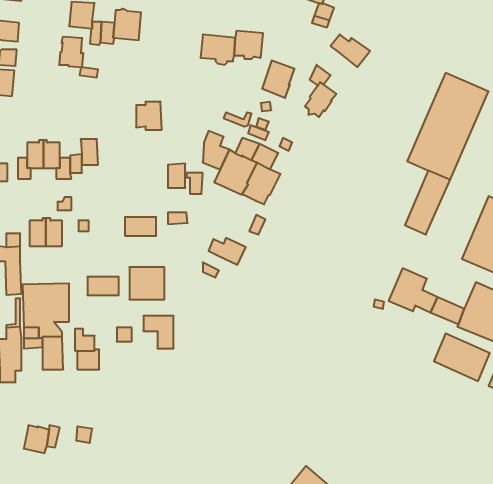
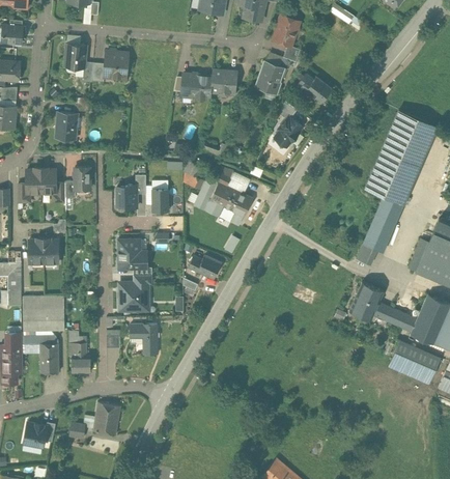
building: [59,37,83,67] -> [55,112,77,139]
building: [262,61,295,98] -> [256,61,285,94]
building: [136,102,162,130] -> [116,184,139,208]
building: [87,277,119,295] -> [114,253,142,270]
building: none -> [93,402,121,435]

